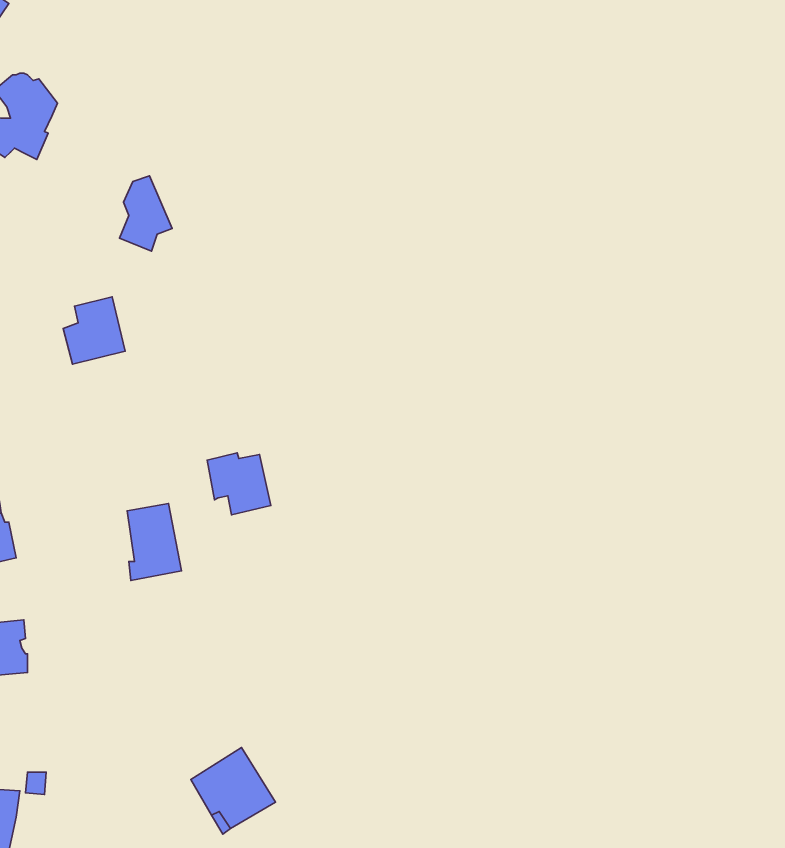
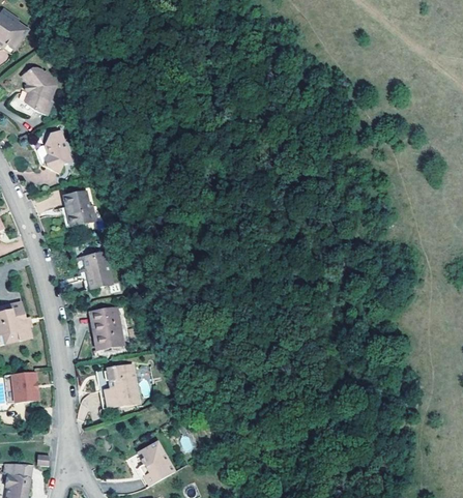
building: [120,176,172,251] -> [47,130,76,172]
building: [207,453,271,515] -> [77,254,112,288]
building: none -> [93,365,133,408]

